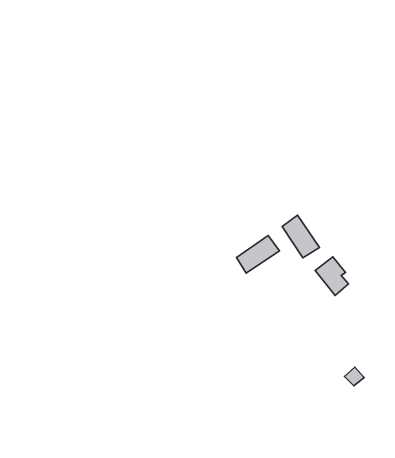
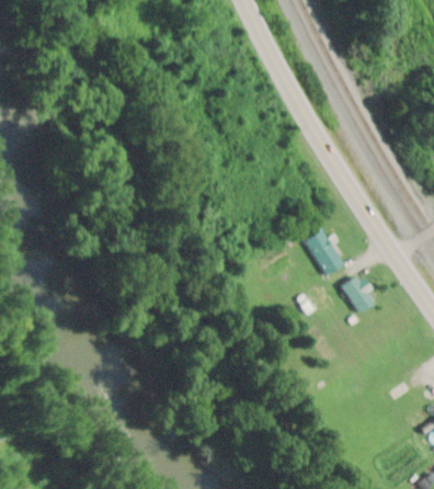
building: [236,236,279,273] -> none

